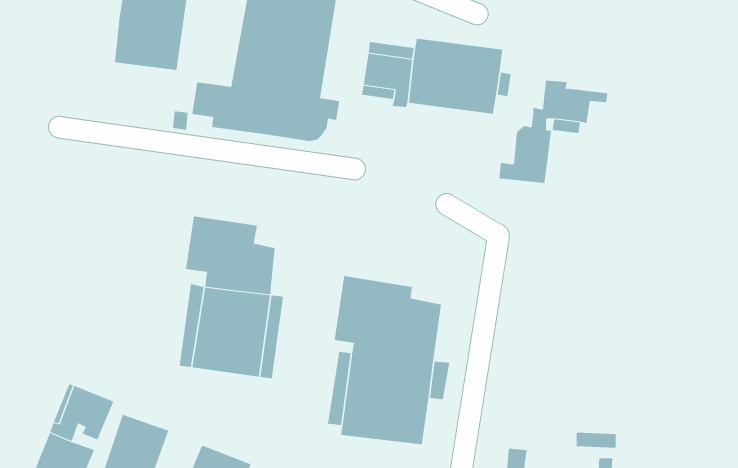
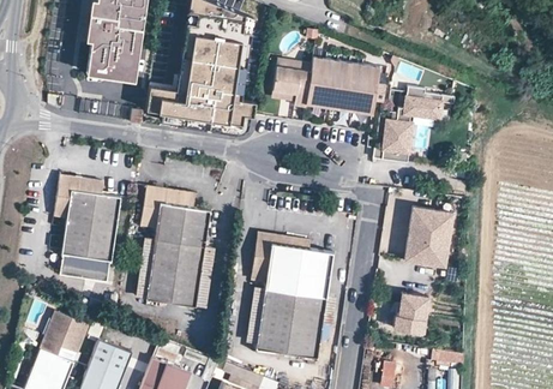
building: none -> [55,176,120,283]
building: none -> [404,203,451,263]
building: none -> [392,289,426,329]

